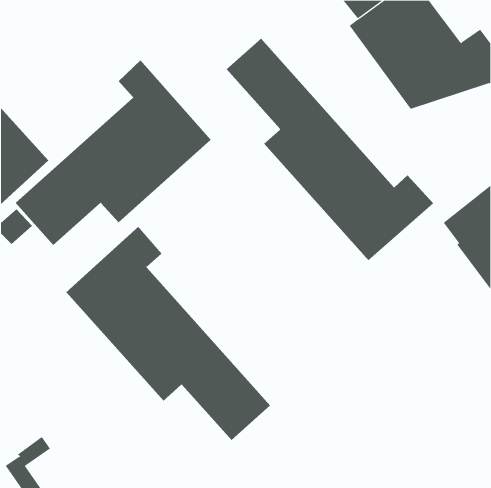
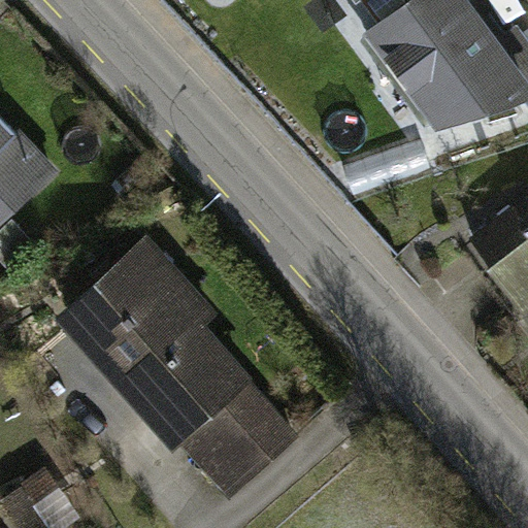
building: [226,38,434,261] -> none
building: [15,60,212,246] -> none

